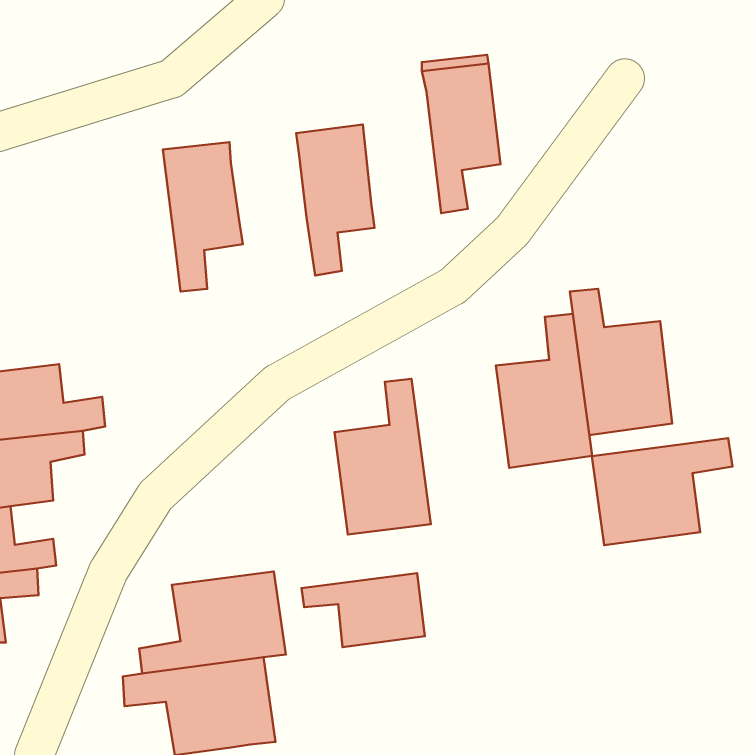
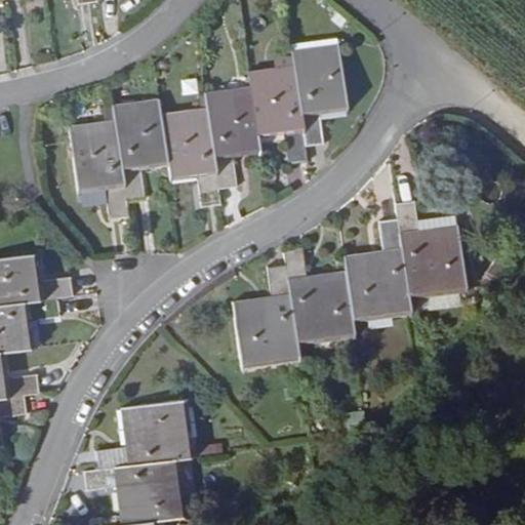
building: none -> [249,66,308,166]
building: none -> [160,108,219,207]
building: none -> [69,120,127,220]
building: none -> [283,246,355,348]
building: [592,438,732,545] -> none
building: [301,573,425,647] -> none

